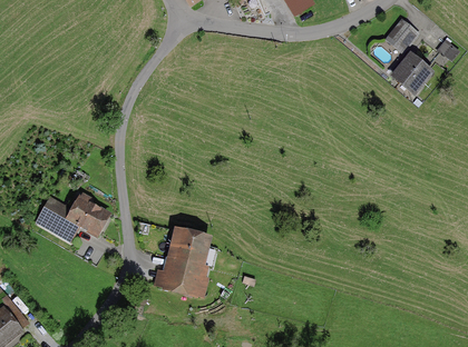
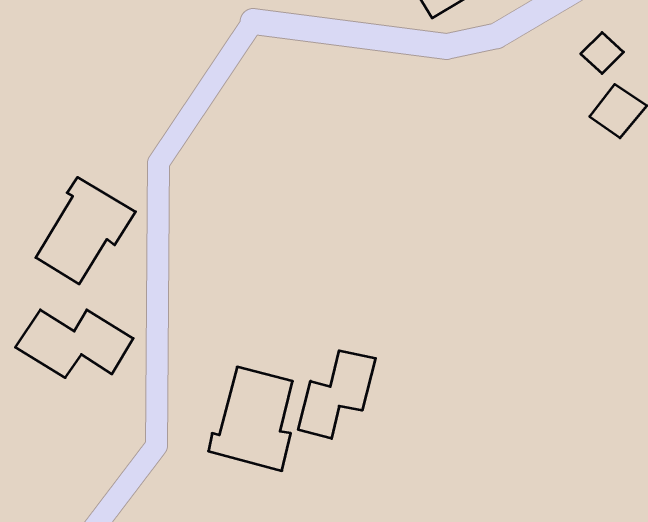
building: none -> [36,177,136,284]
building: none -> [298,351,376,439]

